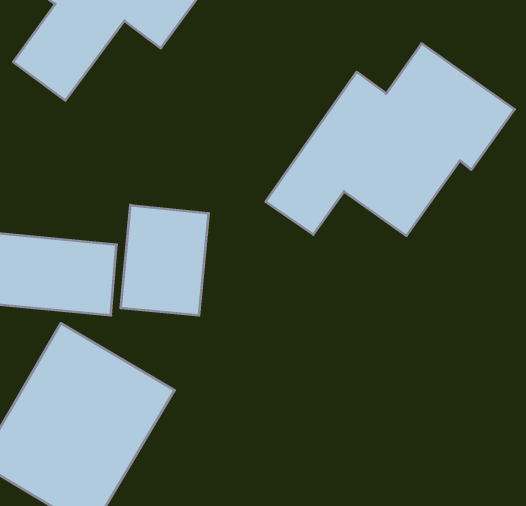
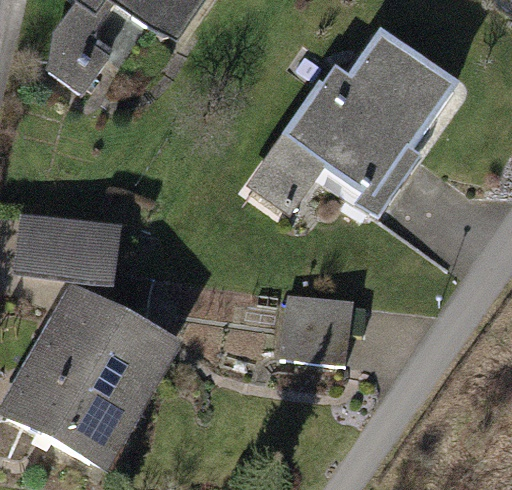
building: [121,205,209,315] -> none
building: none -> [279,292,358,363]

